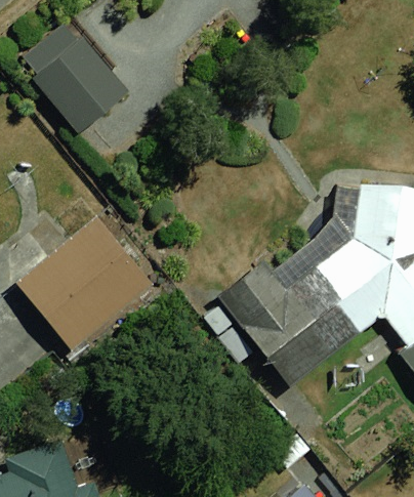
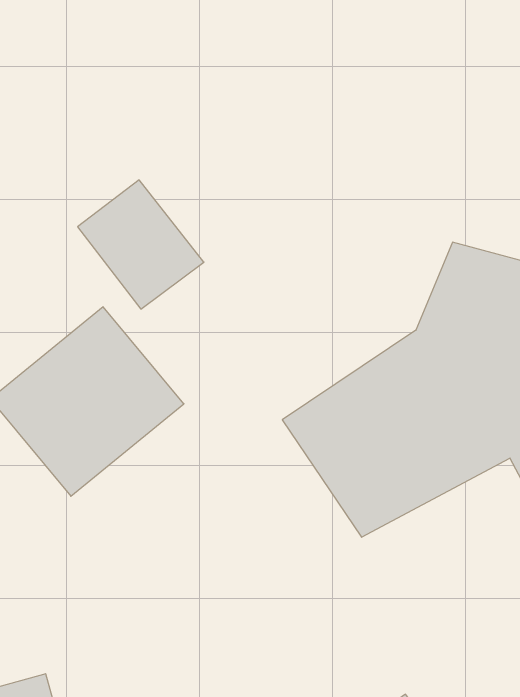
building: [37,40,125,130] -> [78,180,204,309]

